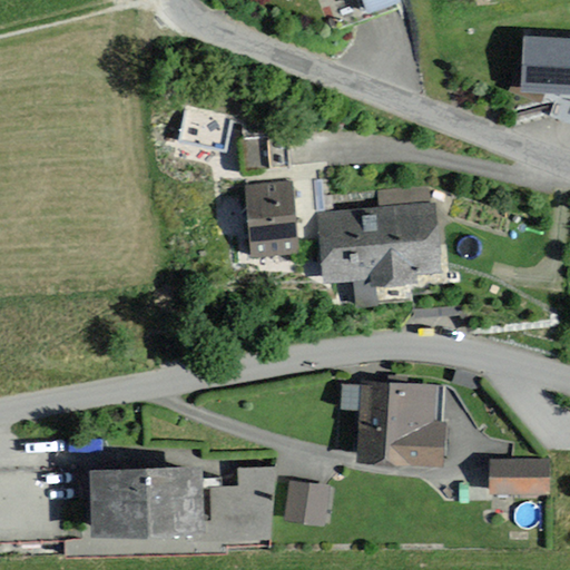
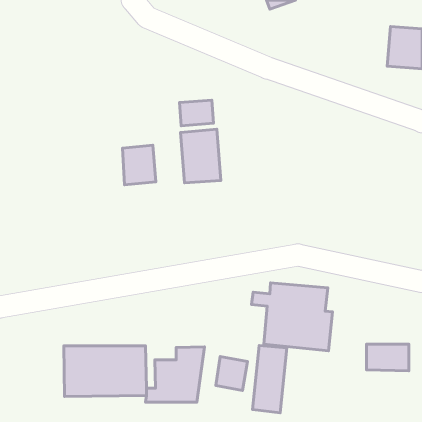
building: [186,111,234,149] -> none
building: none -> [123,145,156,185]
building: [317,202,440,285] -> none
building: none -> [252,346,287,413]

